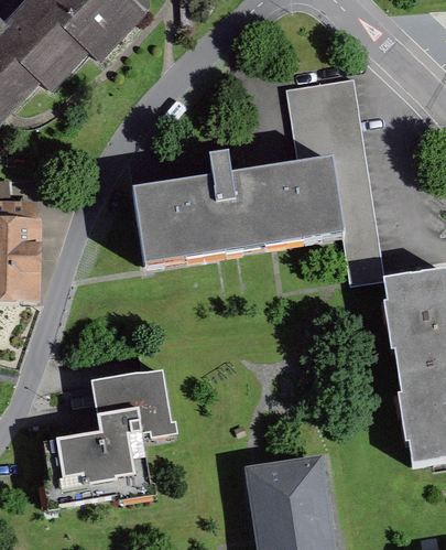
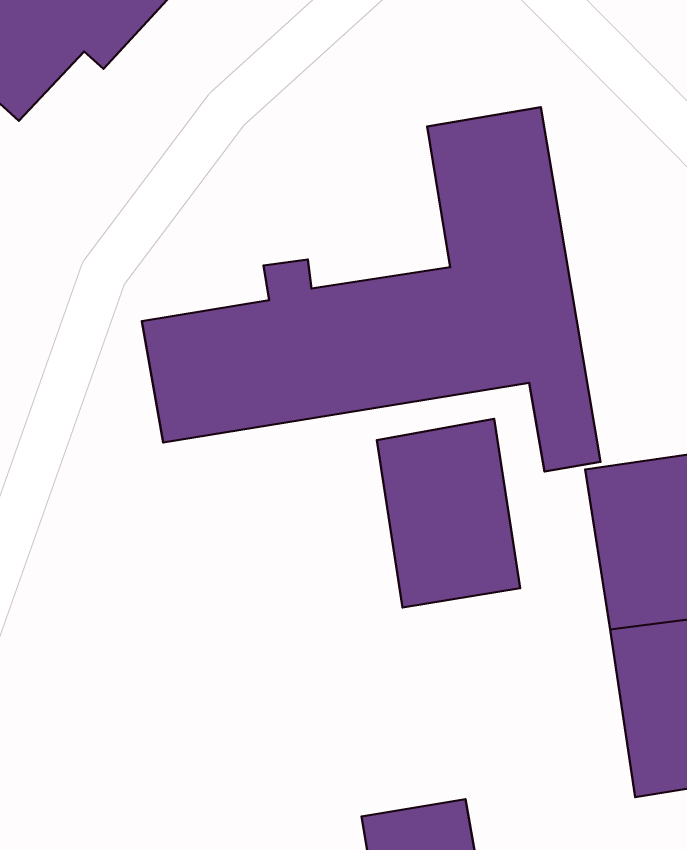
building: none -> [377,419,520,607]
building: [52,363,171,494] -> none

